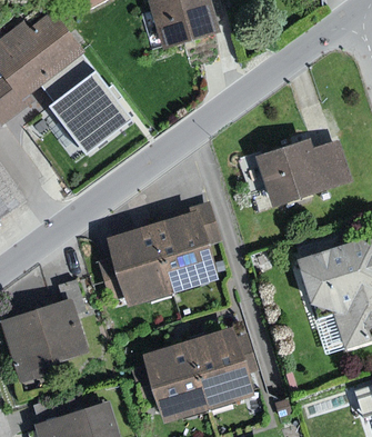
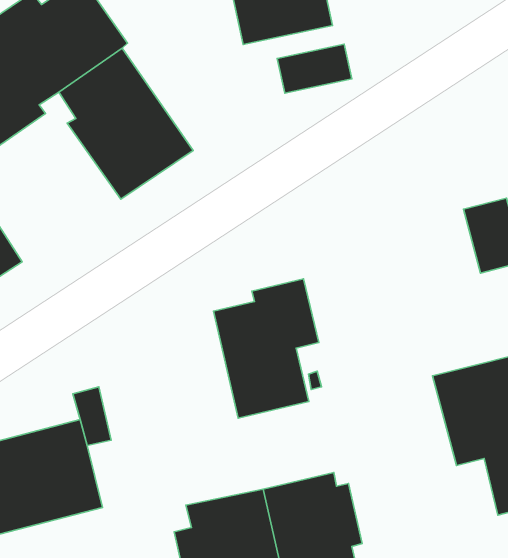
building: none -> [277,44,352,93]
building: [255,139,324,207] -> none
building: [99,224,171,306] -> none

